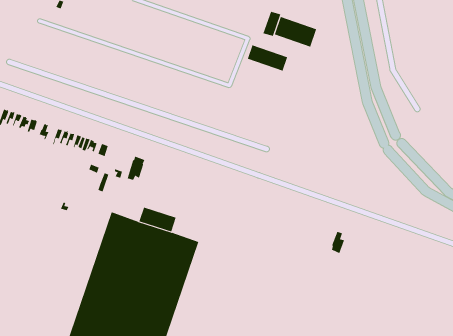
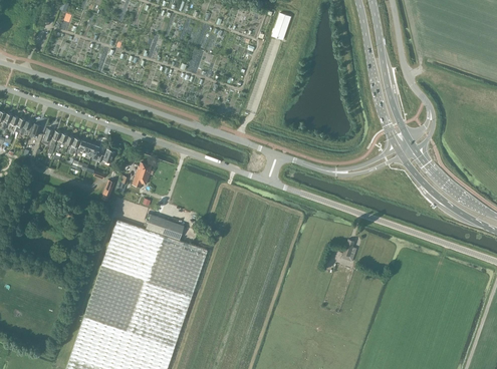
building: [274,16,317,47] -> none
building: [247,45,288,71] -> none

